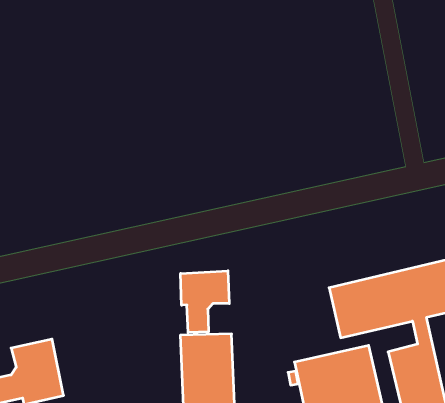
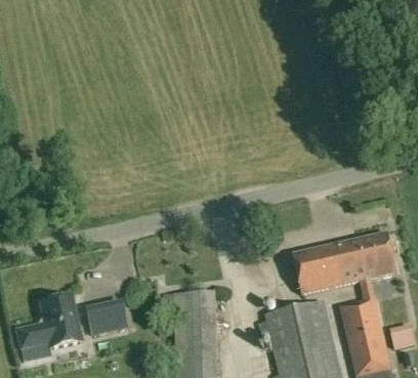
building: [181,271,229,333] -> none
building: none -> [89,301,130,332]

